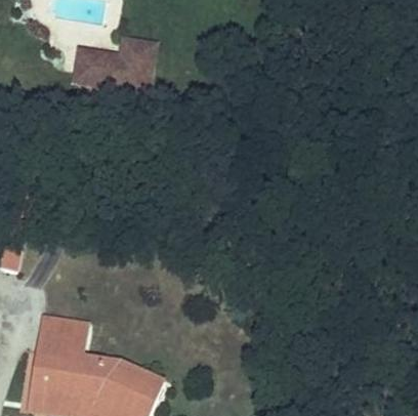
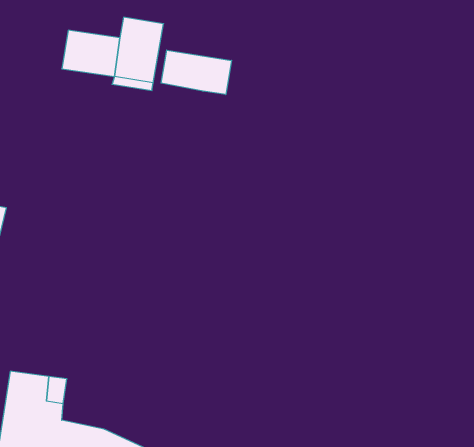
building: none -> [161,50,232,95]

